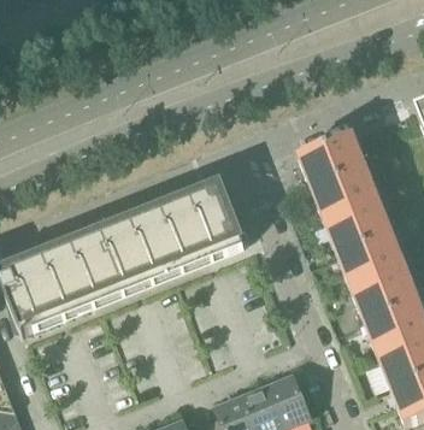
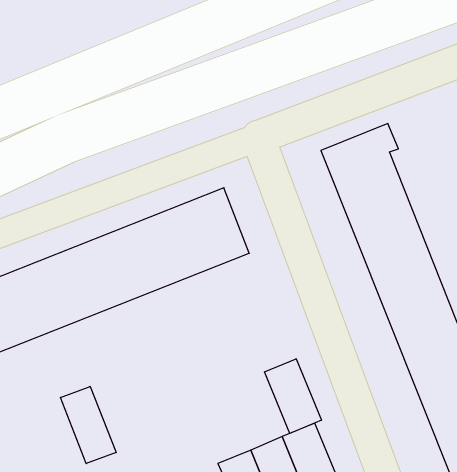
building: none -> [264,359,321,433]
building: none -> [60,386,116,464]

